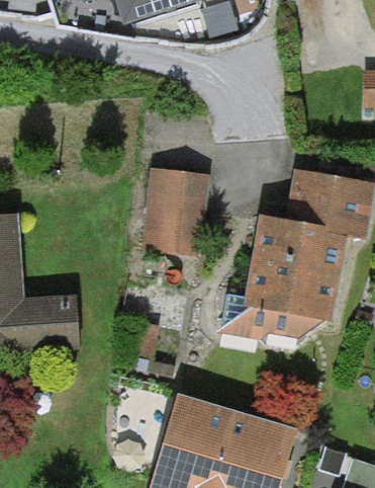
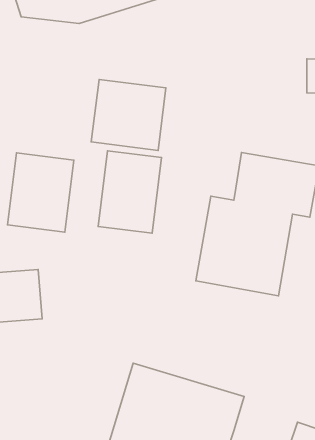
building: none -> [91,80,166,150]
building: none -> [7,153,74,232]

